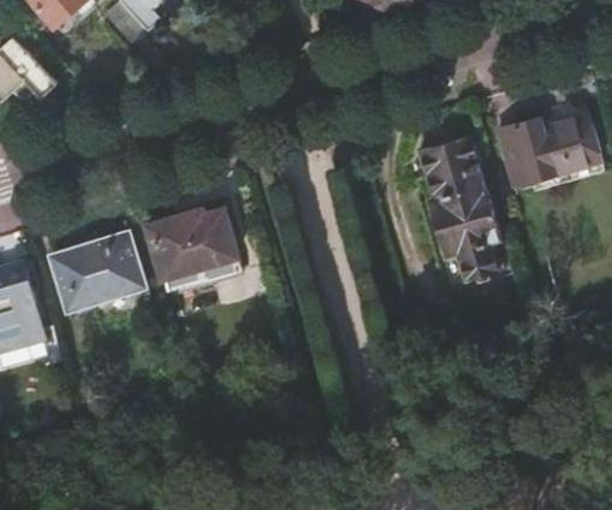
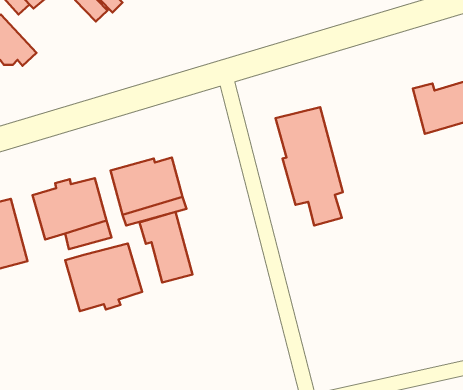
building: [417,136,499,280] -> [276,107,343,226]
building: none -> [139,212,193,282]
building: none -> [65,243,142,311]

